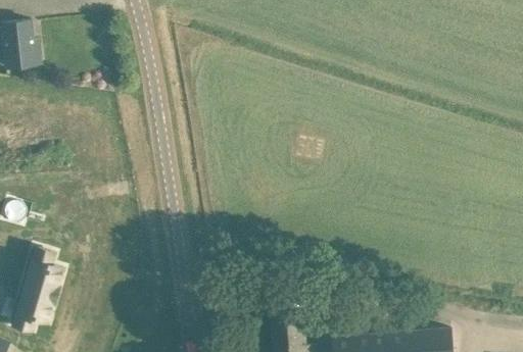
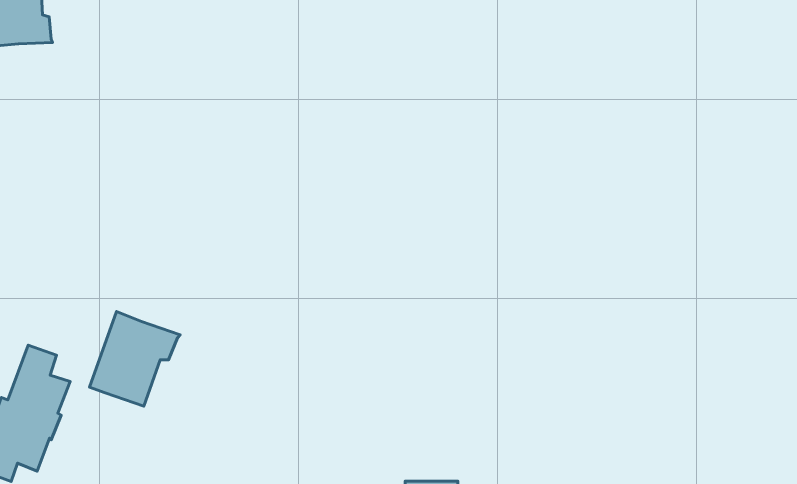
building: none -> [90,312,180,406]

